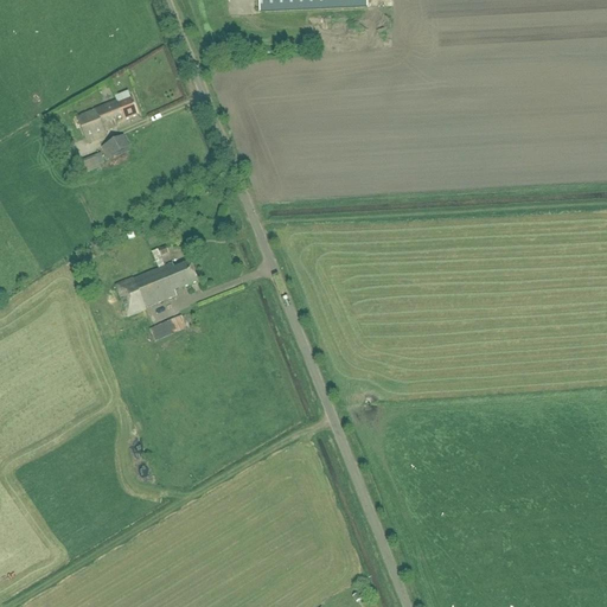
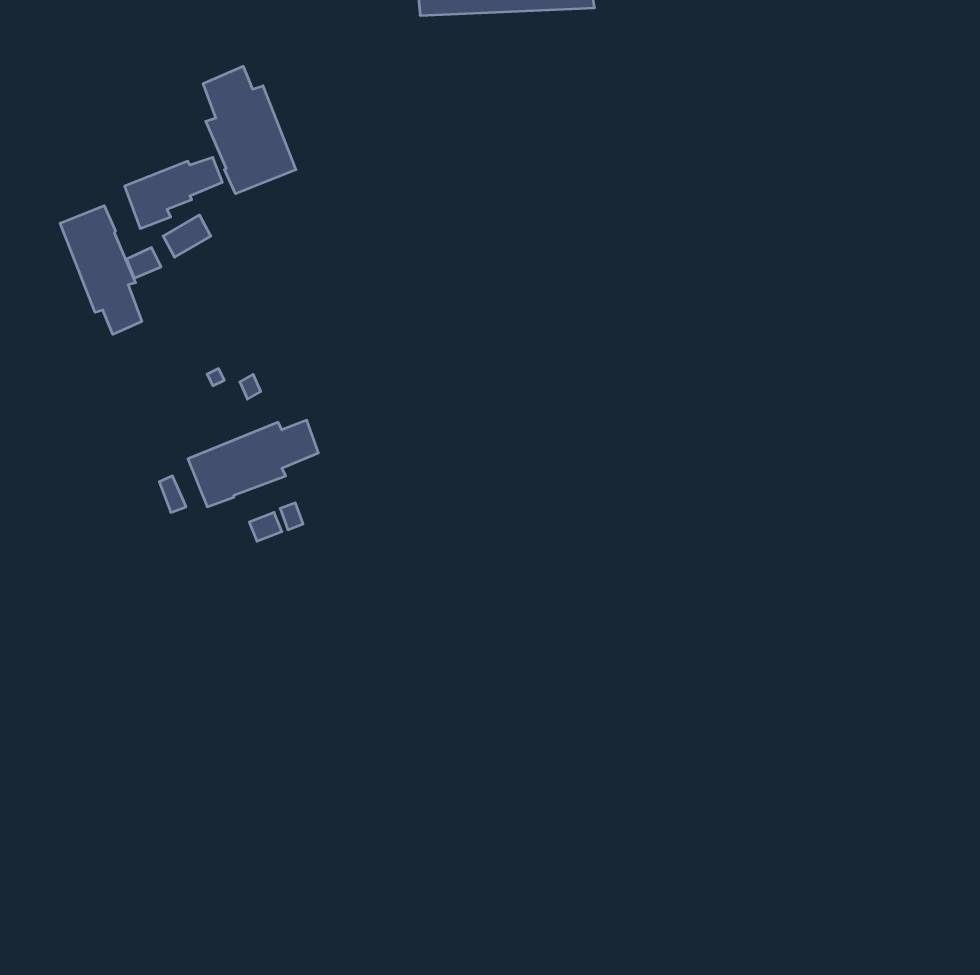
building: none -> [203,66,296,194]
building: none -> [60,206,142,334]

